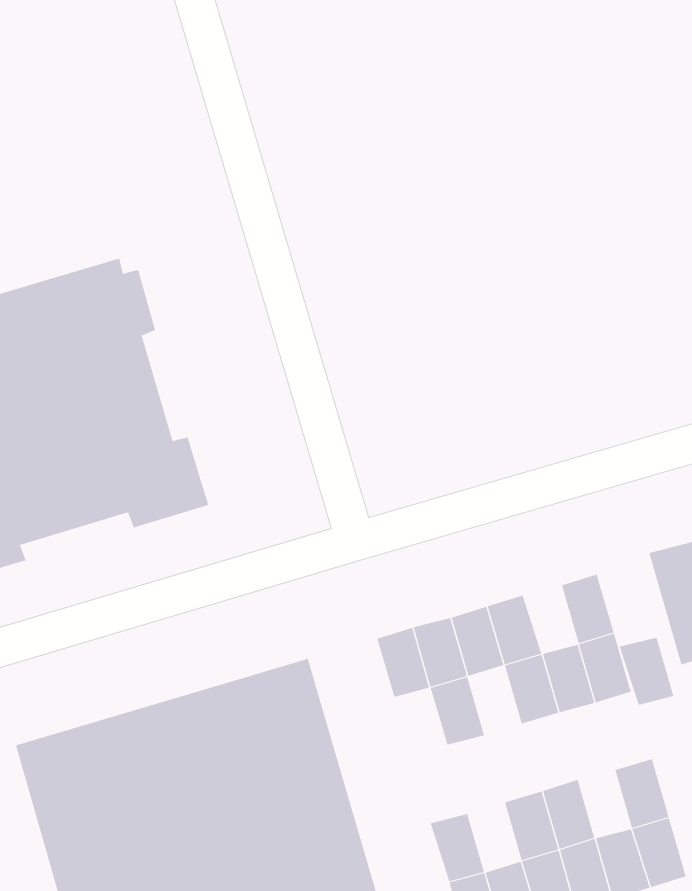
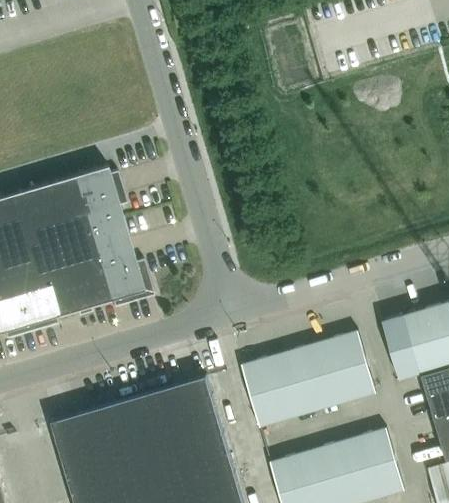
building: [619,637,674,706] -> [318,337,347,373]
building: none -> [289,379,317,416]
building: none -> [250,391,278,427]
building: none -> [347,434,375,470]
building: none -> [289,451,317,488]

